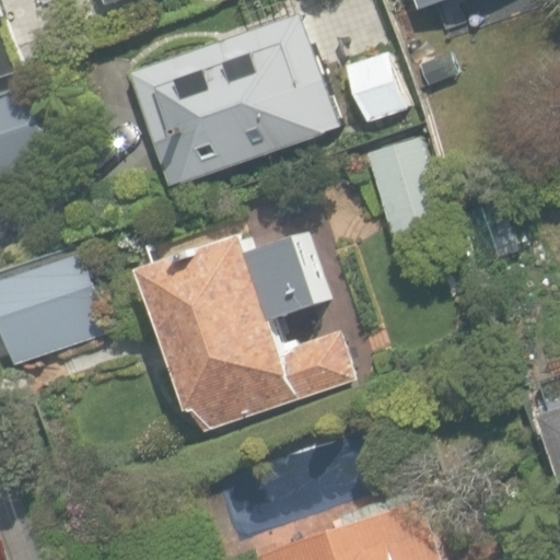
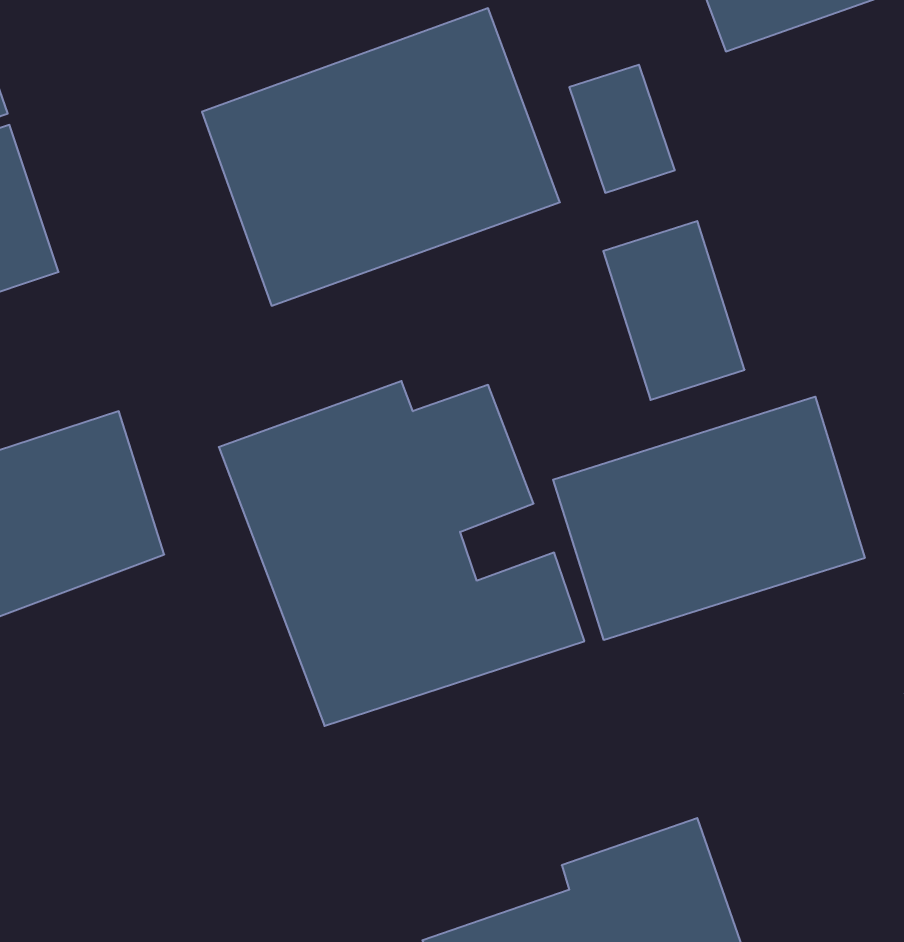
building: none -> [553,397,865,640]

